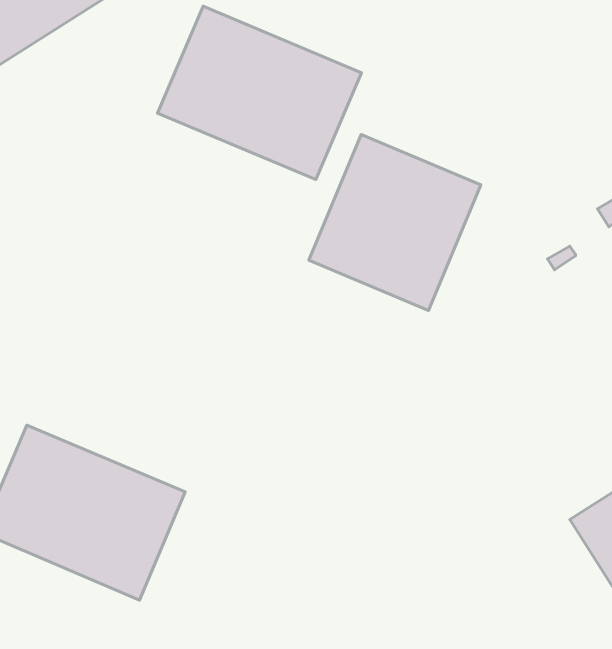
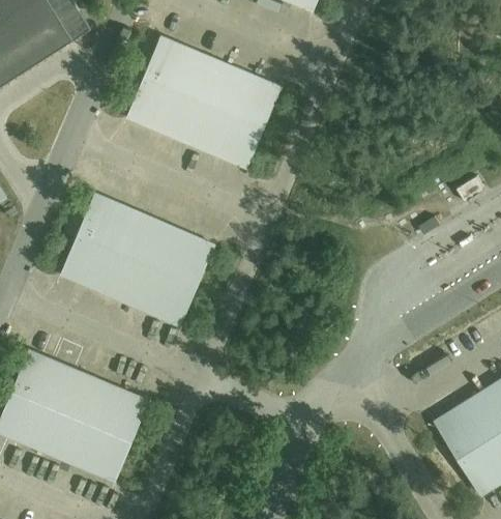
building: [309,135,481,311] -> none
building: none -> [61,195,213,325]

